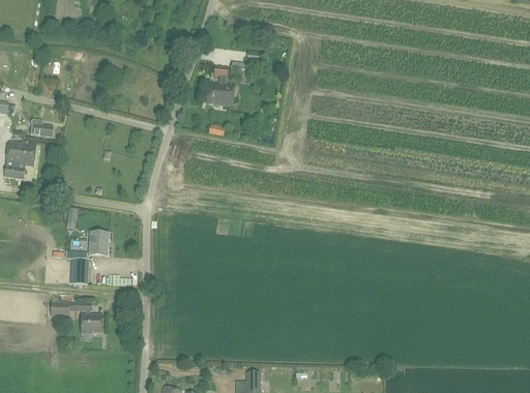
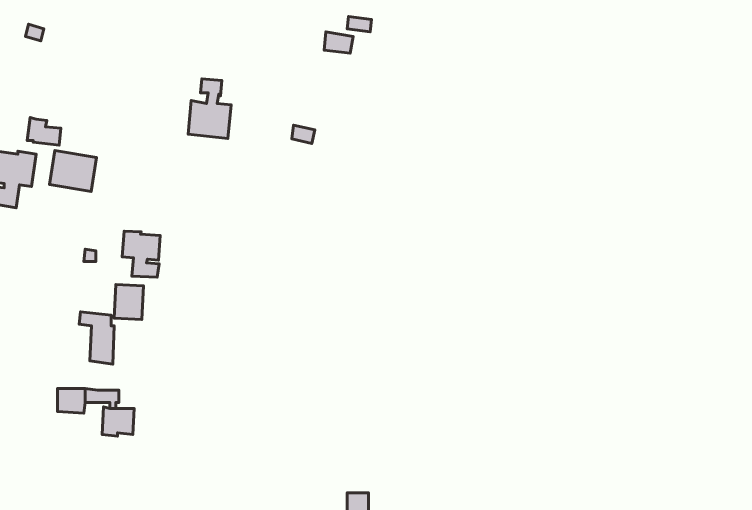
building: [205,65,234,105] -> [188,79,231,139]
building: none -> [50,150,97,191]
building: none -> [122,231,160,277]

